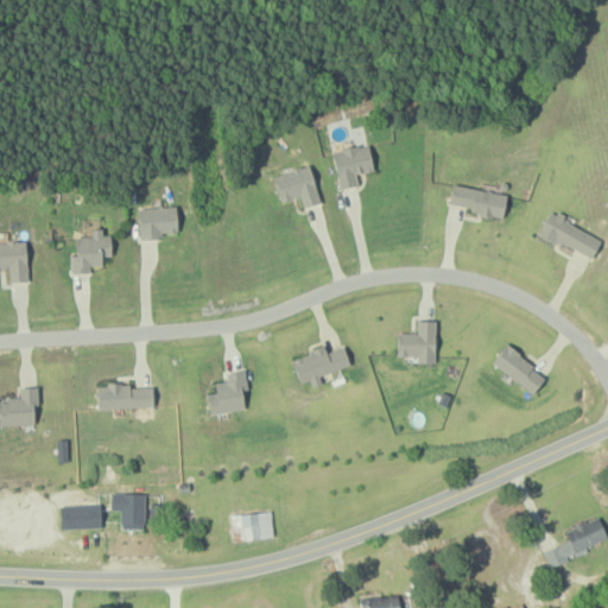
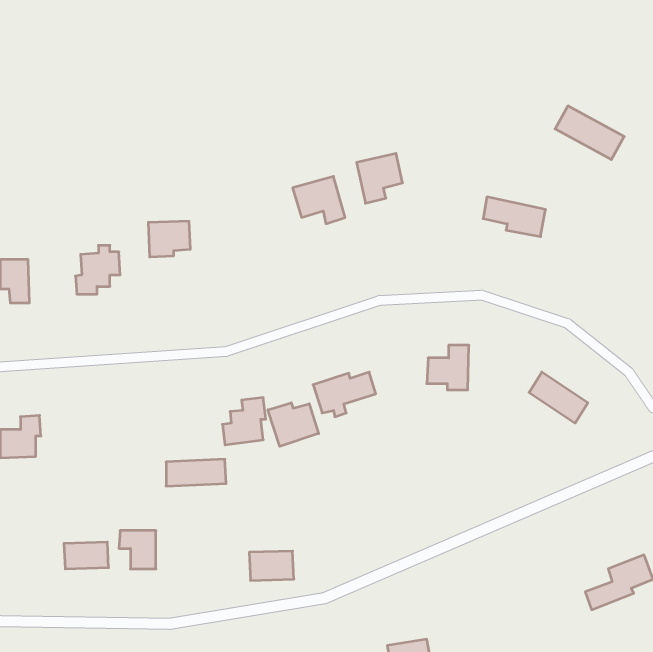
building: [538,211,602,261] -> [555,106,624,160]
building: none -> [268,403,319,446]
building: [97,385,153,410] -> [166,459,226,486]

